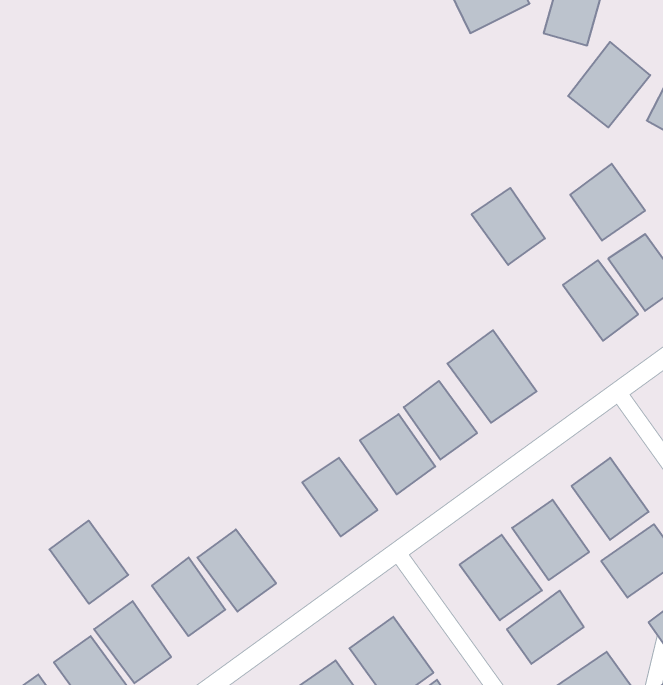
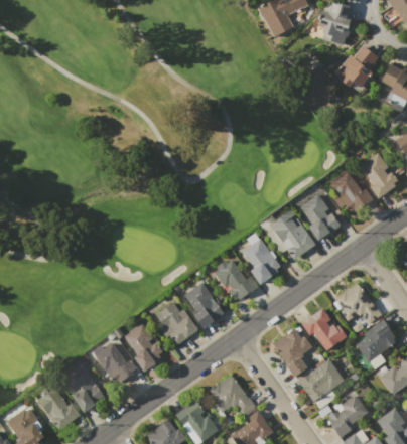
building: [570,164,645,241] -> none
building: [472,188,545,265] -> [297,194,340,239]
building: none -> [156,299,197,343]
building: [49,521,128,604] -> none

